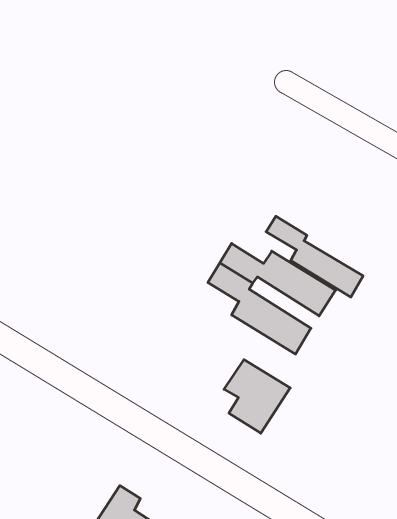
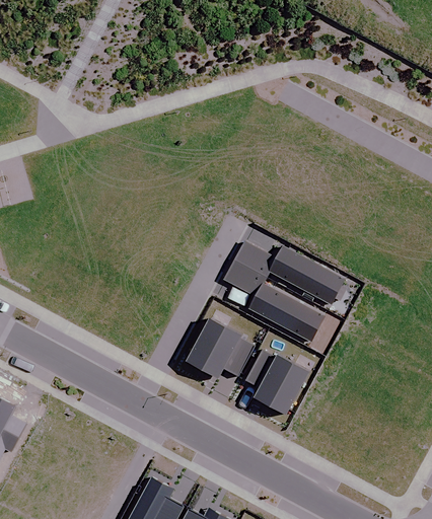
building: [266,216,363,297] -> none
building: none -> [185,320,256,382]

